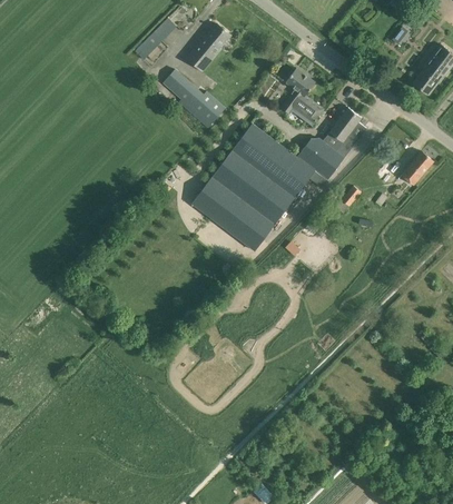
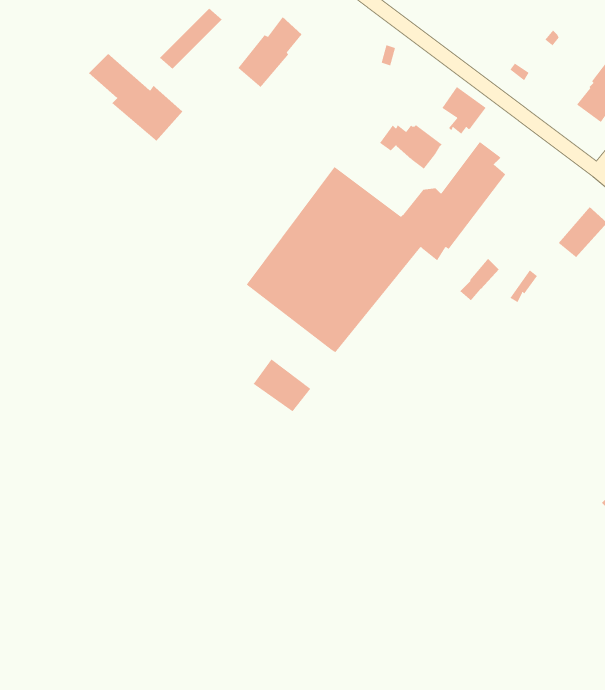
building: [285,68,315,100] -> [441,86,486,134]
building: [161,69,225,128] -> [88,53,183,141]
building: none -> [253,359,311,412]

